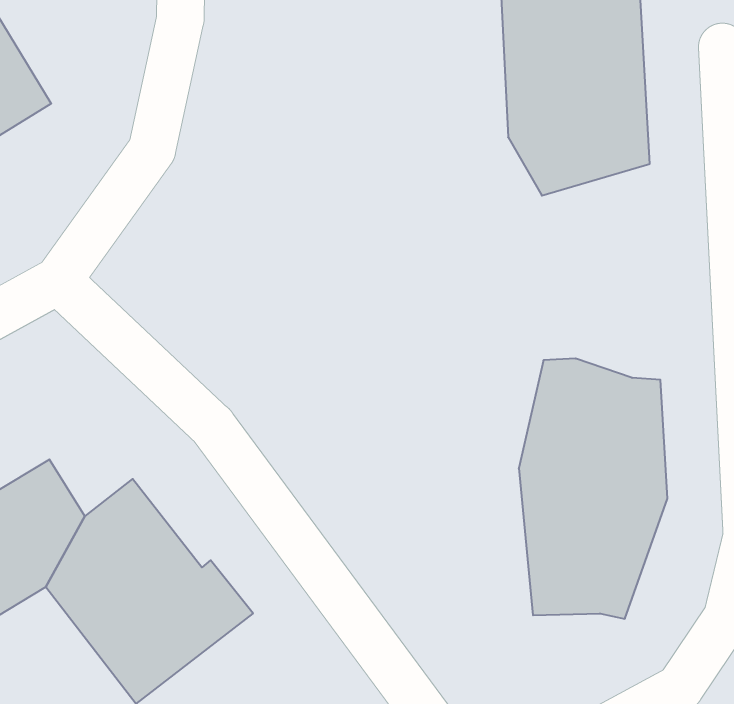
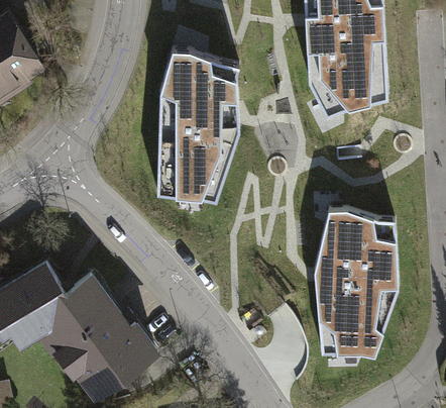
building: none -> [156,52,238,203]

